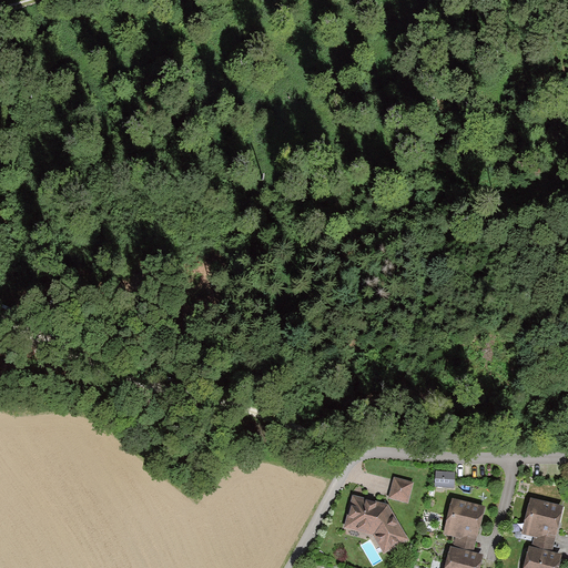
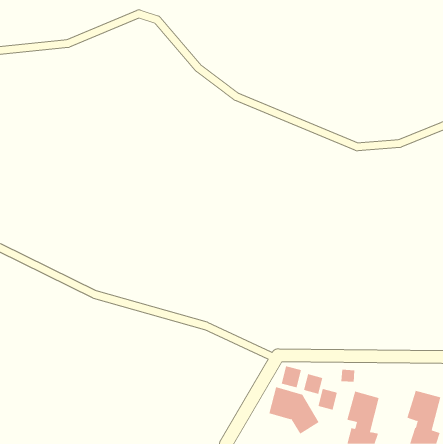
building: none -> [281,365,302,388]
building: none -> [318,388,338,410]

